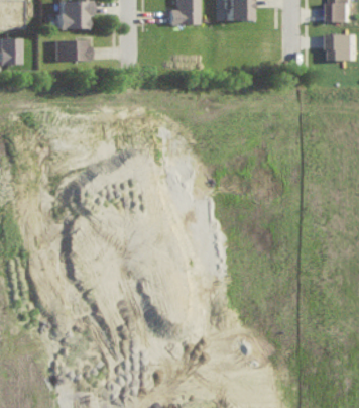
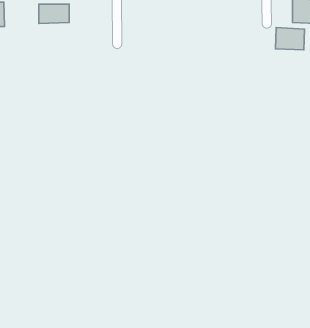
building: none -> [275,27,304,50]

